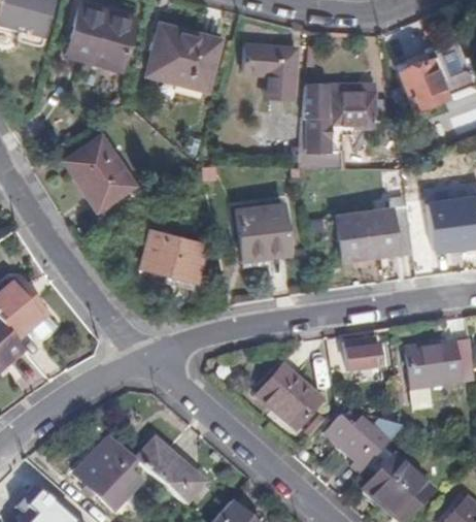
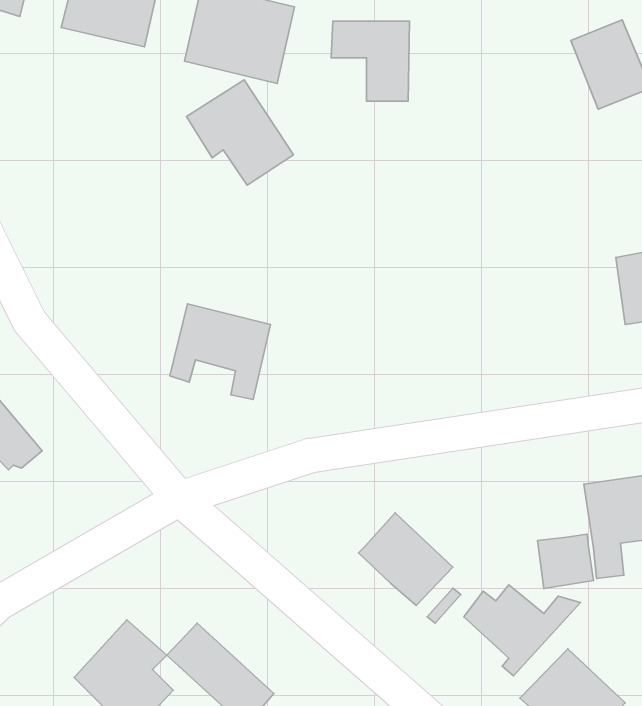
building: [303,84,381,166] -> none
building: [64,138,133,206] -> [187,80,294,185]
building: [337,196,414,260] -> none
building: [238,201,291,256] -> none
building: [344,338,380,373] -> [538,534,593,589]

